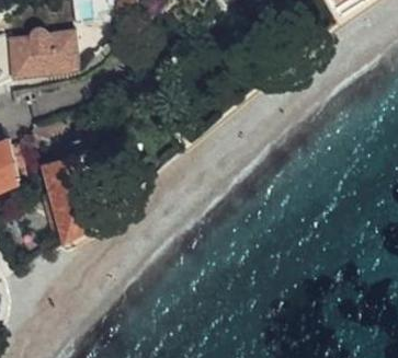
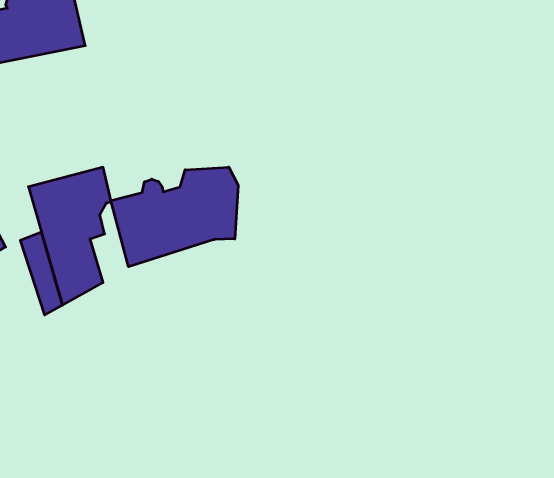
building: none -> [111,167,238,267]

